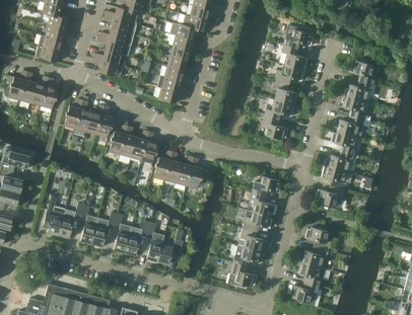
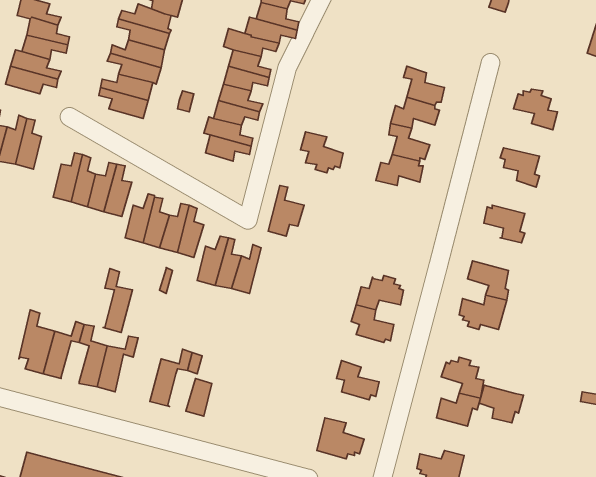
building: [283,24,313,49] -> none
building: [343,80,373,100] -> none
building: [261,115,287,141] -> [301,132,343,173]
building: [336,115,363,137] -> none
building: [324,150,354,171] -> none
building: [186,157,208,188] -> [268,185,304,236]
building: [243,210,272,231] -> none
building: [113,213,131,252] -> [103,269,133,332]
building: [157,229,183,264] -> none
building: [232,245,262,265] -> none
building: [298,262,326,286] -> [479,385,523,423]

